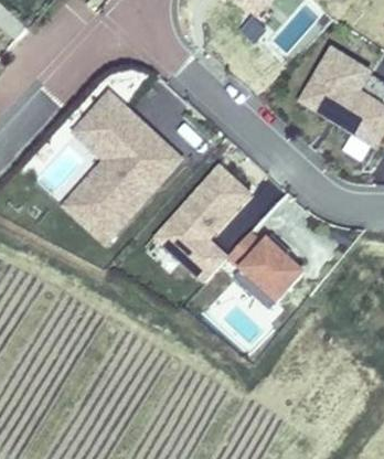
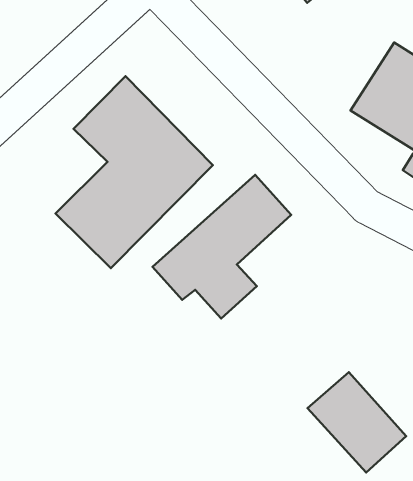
building: [223,225,306,307] -> [308,372,406,472]

